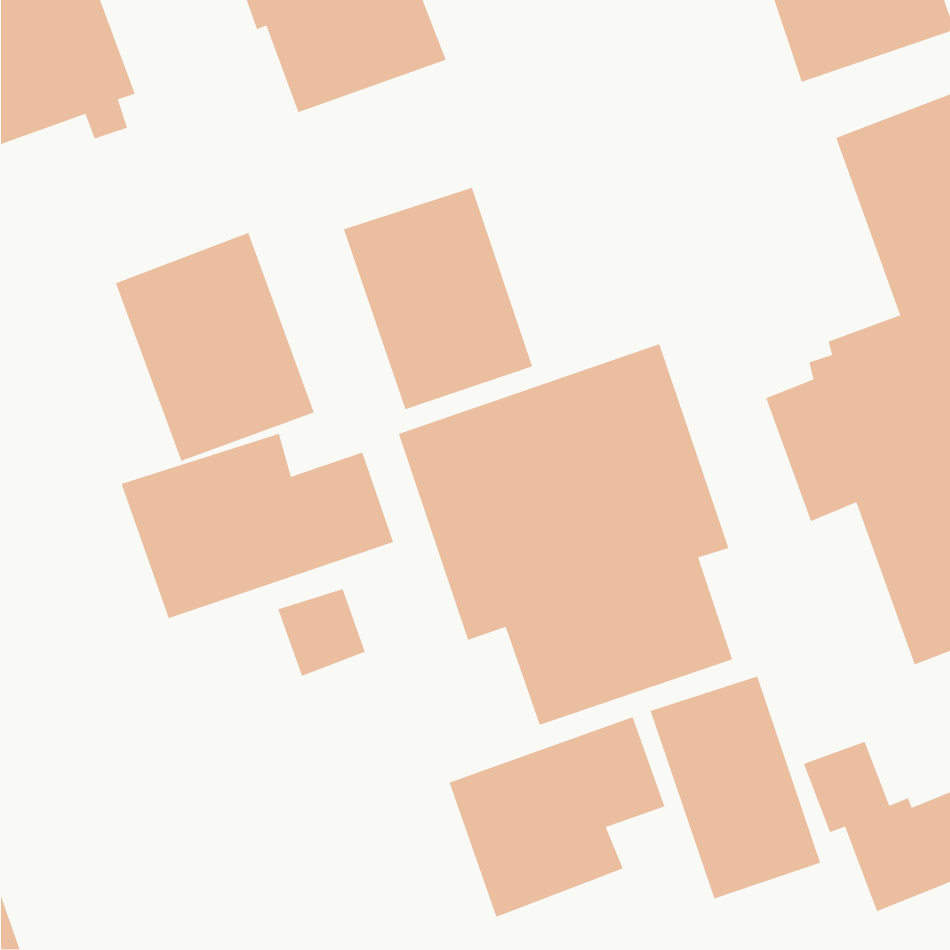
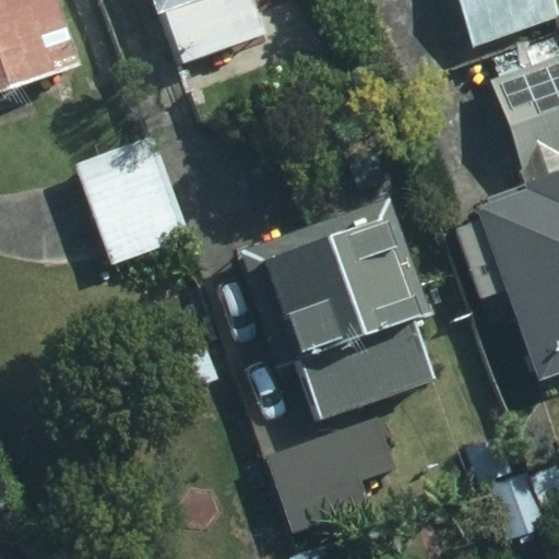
building: [343,187,533,410] -> none
building: [120,433,394,619] -> none
building: [649,676,821,899] -> none

